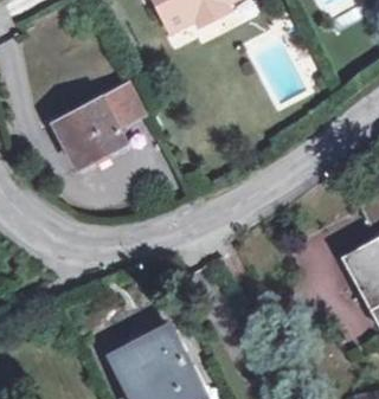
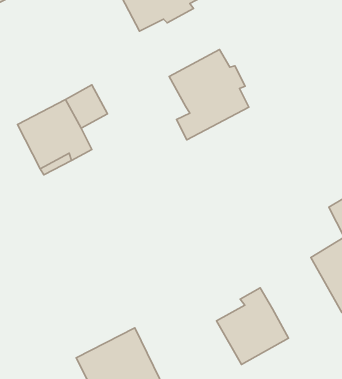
building: none -> [169,50,249,140]
building: none -> [216,288,288,364]

